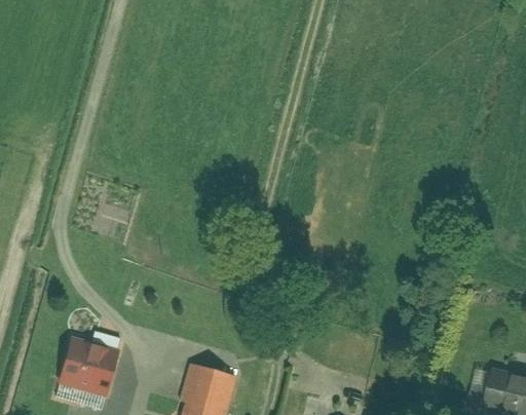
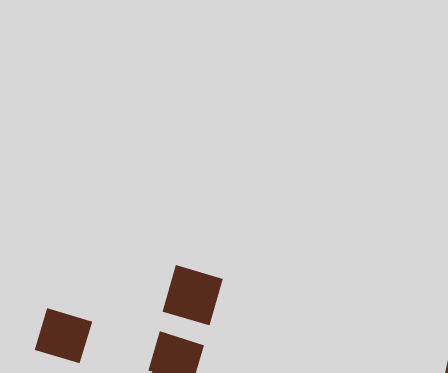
building: none -> [162,264,224,326]

